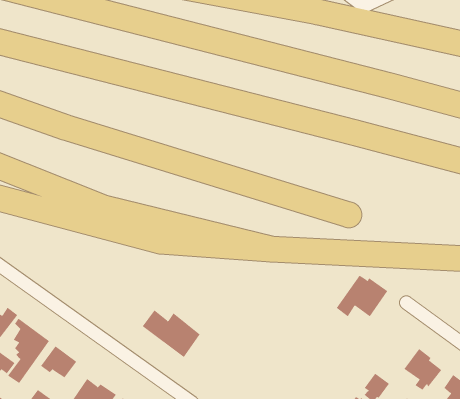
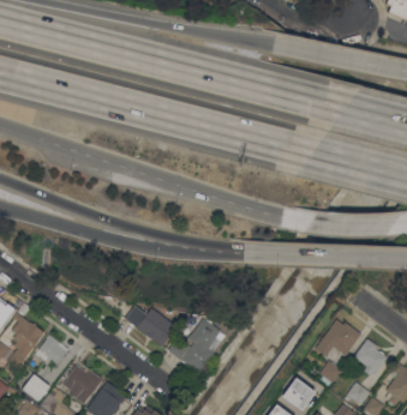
building: [336,275,388,317] -> [316,319,361,356]
building: none -> [168,318,221,373]

